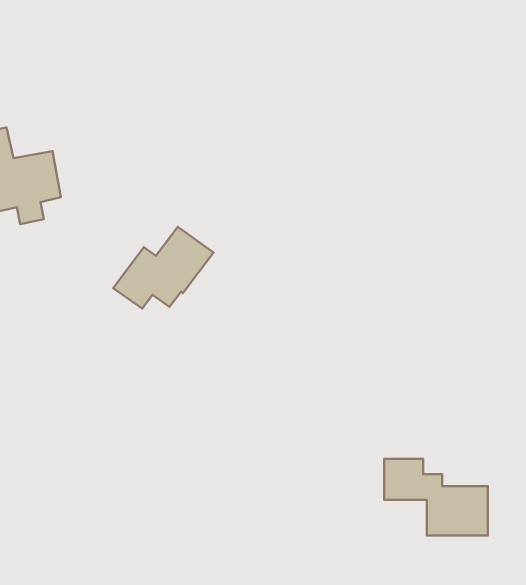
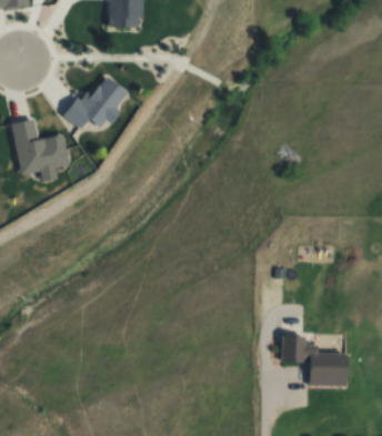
building: [113,227,214,308] -> [64,75,130,129]

